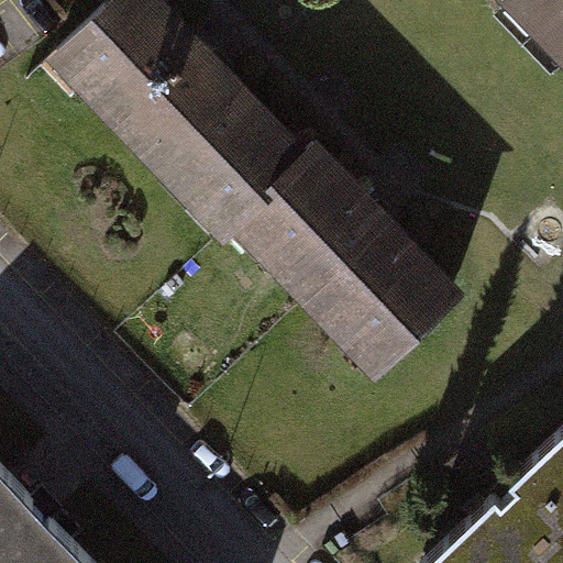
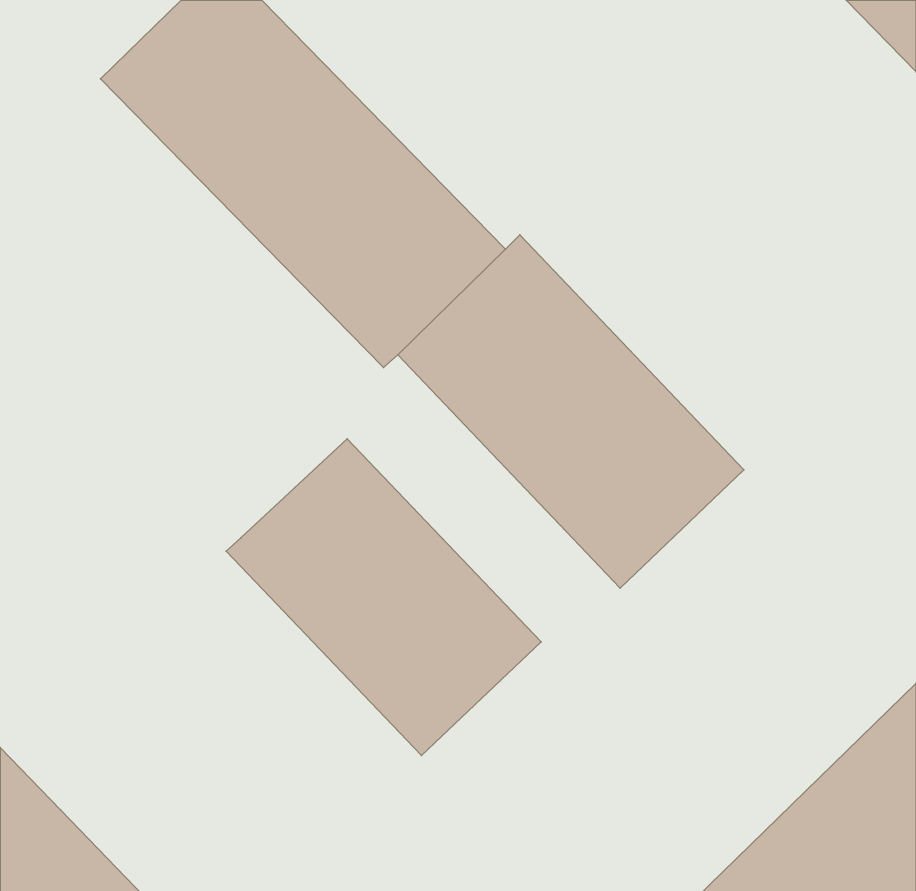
building: none -> [226,439,541,756]

